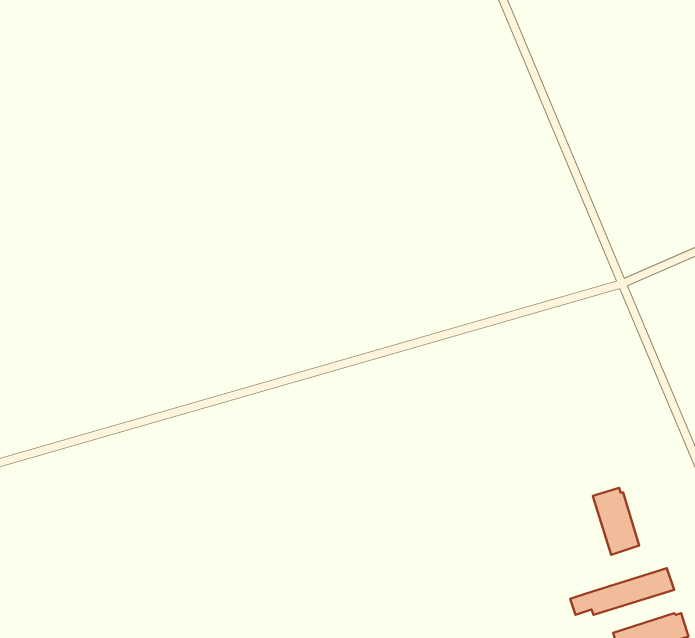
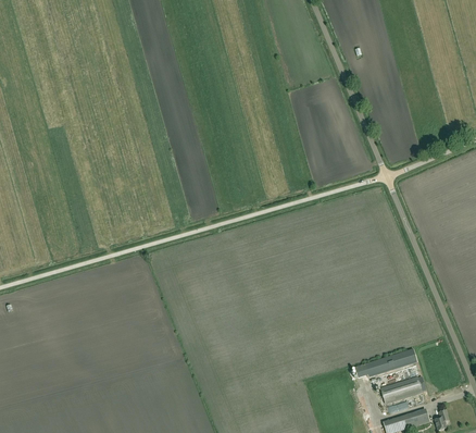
building: [593,488,639,555] -> none

